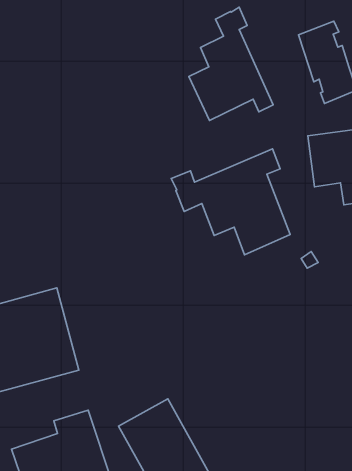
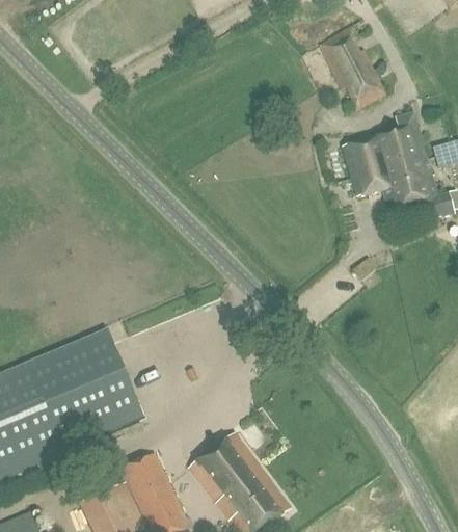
building: [189,7,273,121] -> none
building: [171,149,290,255] -> none

